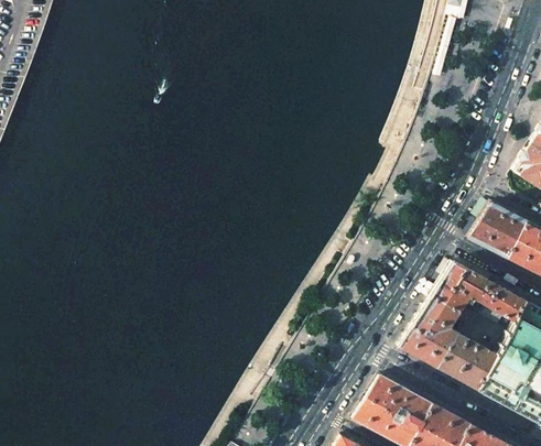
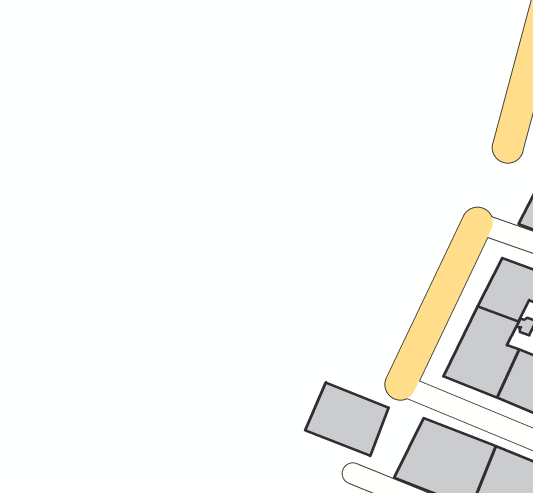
building: none -> [305,382,389,456]

